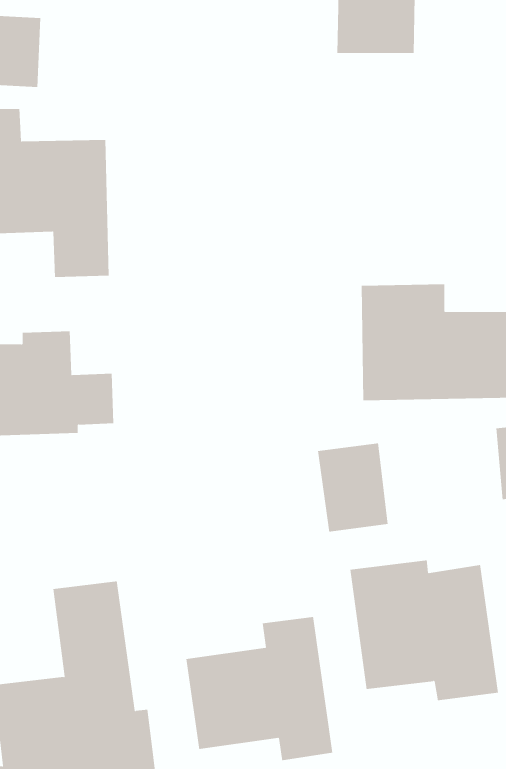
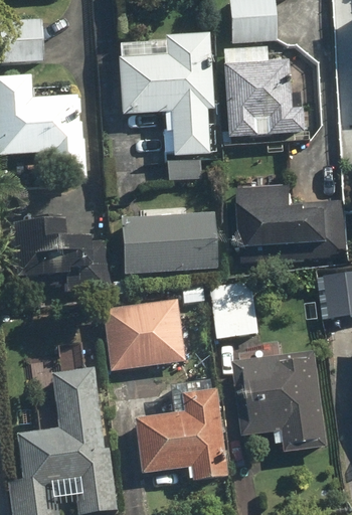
building: none -> [118,33,210,175]
building: none -> [221,48,299,138]
building: none -> [118,201,211,269]
building: none -> [103,296,183,367]

